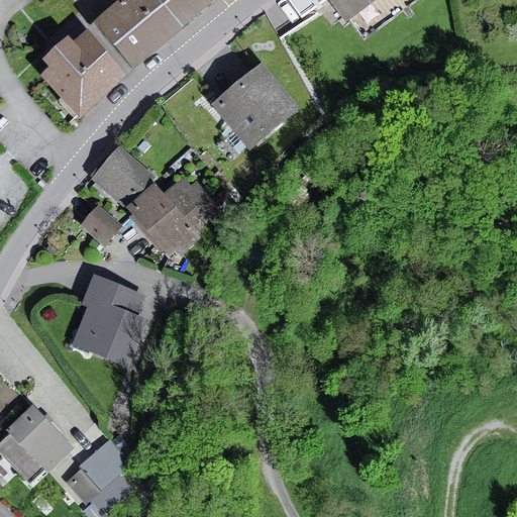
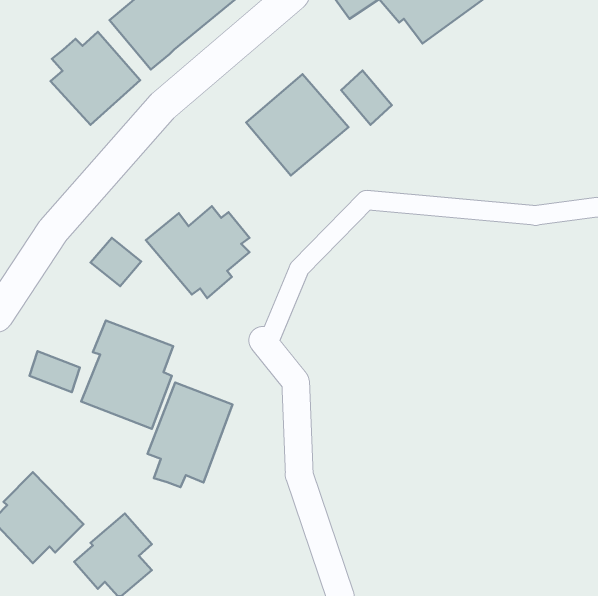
building: none -> [341,70,392,125]
building: [91,145,152,206] -> none
building: none -> [30,351,80,392]
building: none -> [147,382,232,487]

